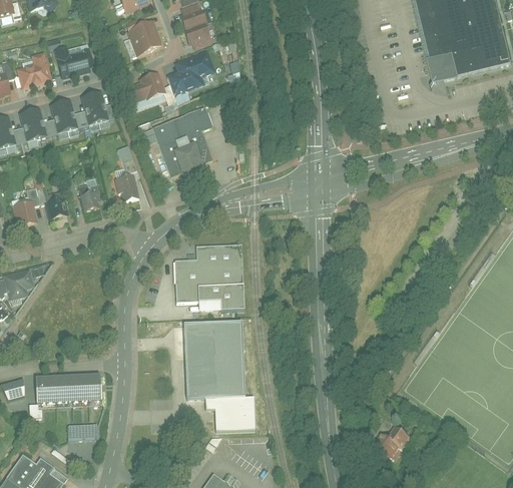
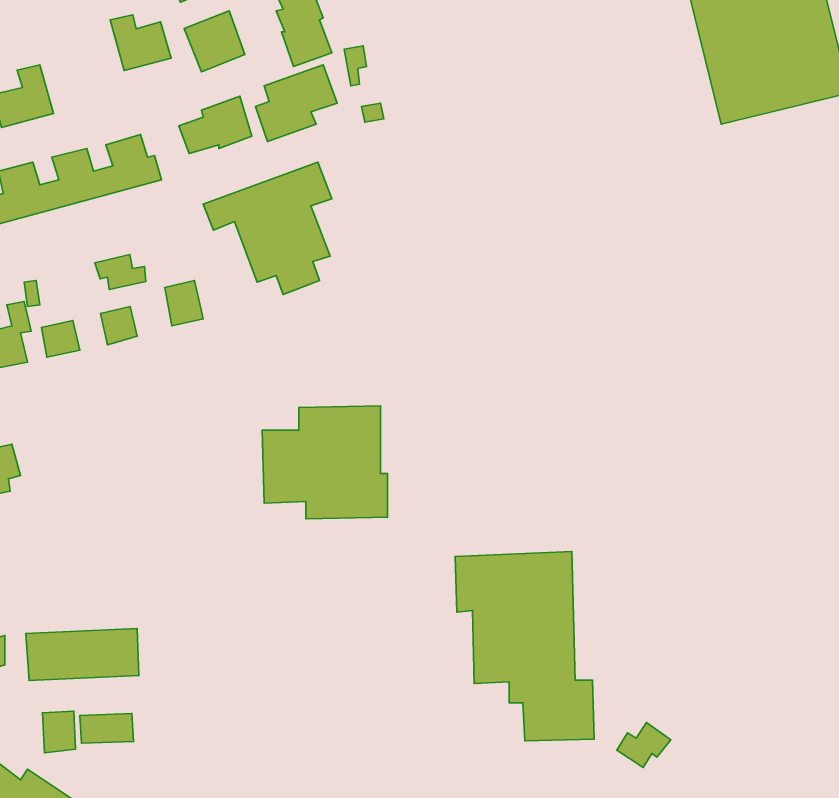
building: [54,44,89,76] -> [110,15,171,70]
building: none -> [95,255,146,289]
building: [175,322,255,431] -> [455,551,594,741]
building: none -> [42,711,76,753]

